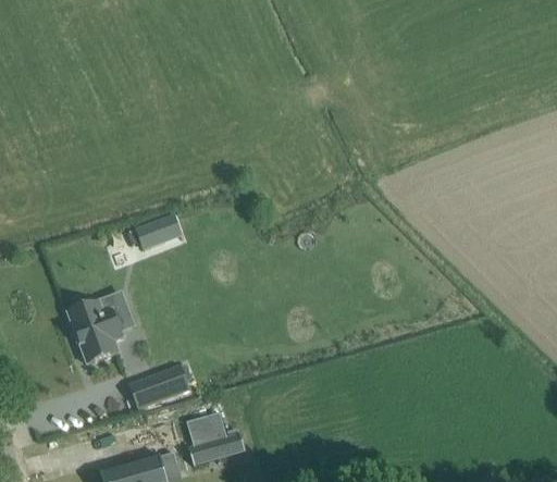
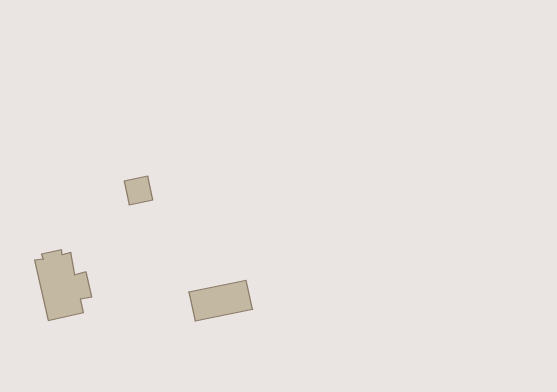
building: [129,364,189,408] -> [189,280,253,321]

